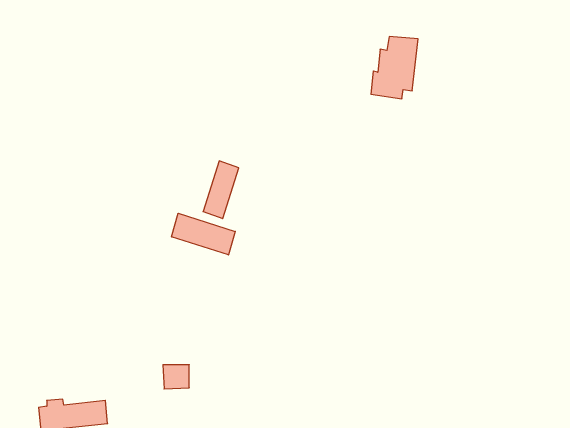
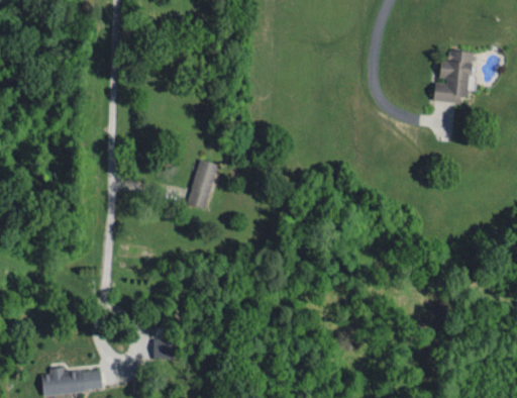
building: [371,37,418,99] -> [434,49,476,104]
building: [172,213,235,255] -> none

